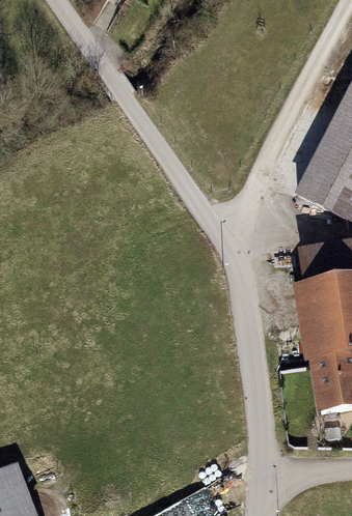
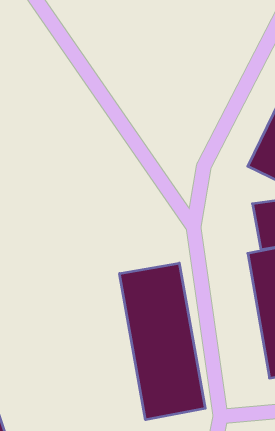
building: none -> [120,263,205,420]

